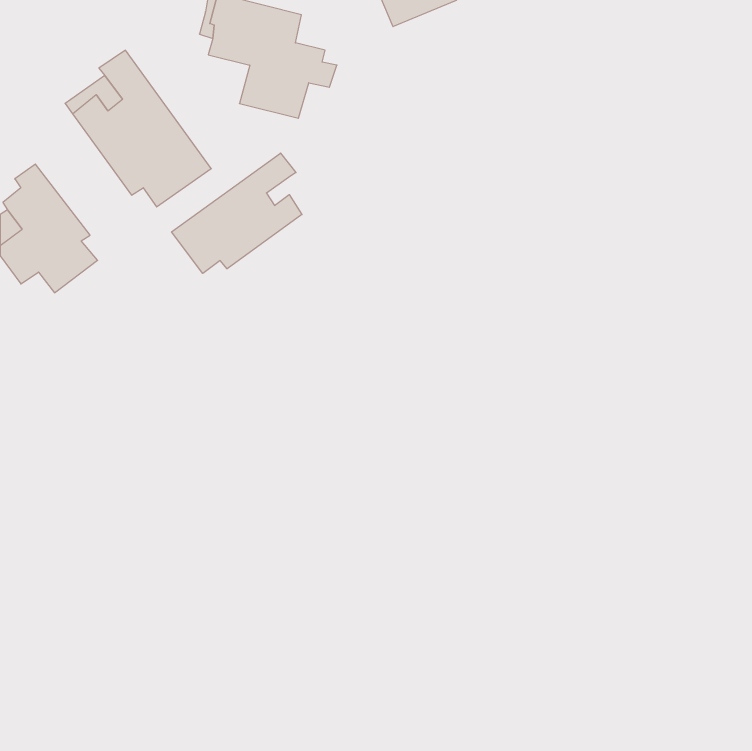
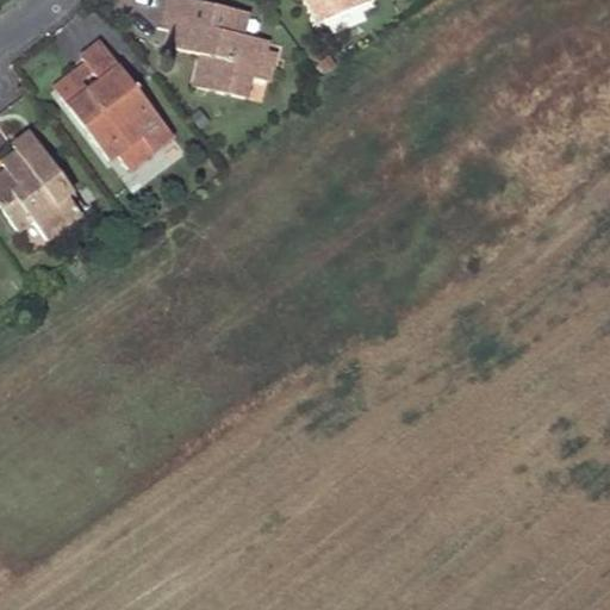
building: [172,153,302,273] -> none

